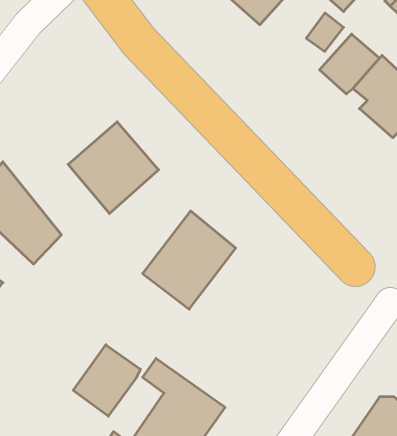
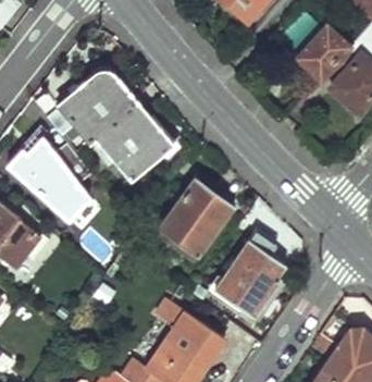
building: none -> [57,69,135,144]
building: none -> [215,227,287,318]
building: [73,345,140,416] -> none

